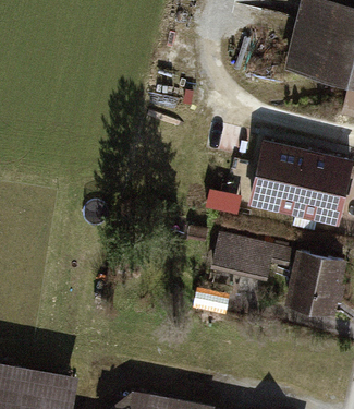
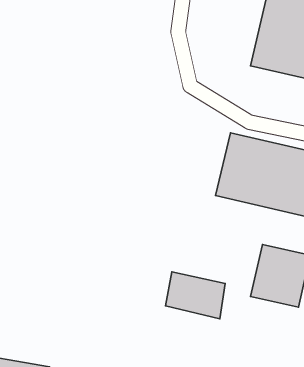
building: [212,233,273,281] -> [166,272,225,319]

